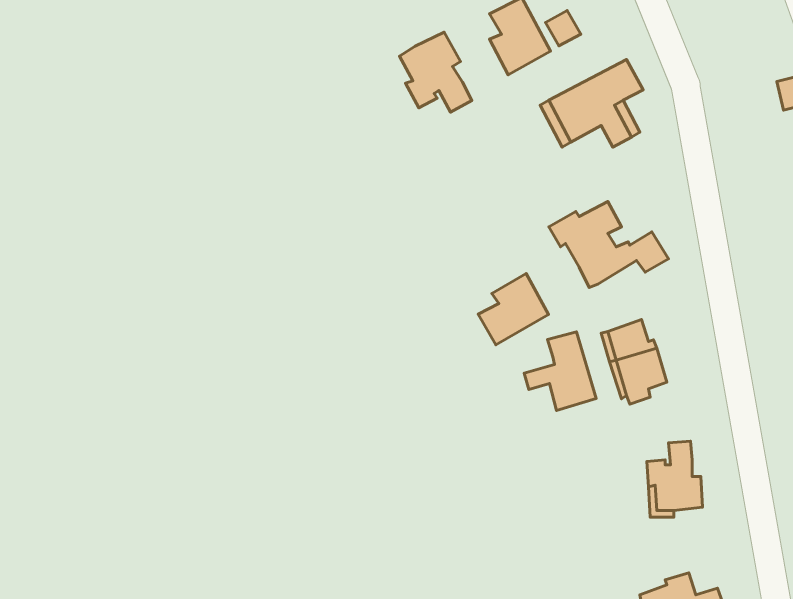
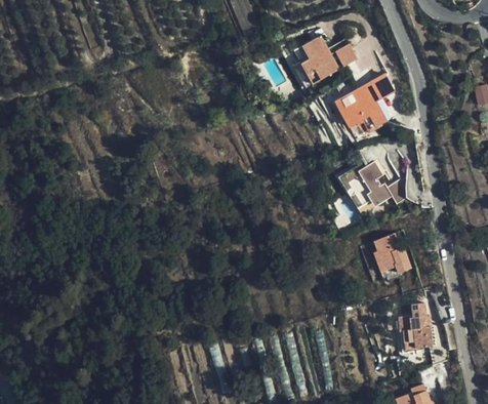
building: [399,32,472,112] -> none
building: [478,273,548,345] -> none
building: [524,332,596,410] -> none

